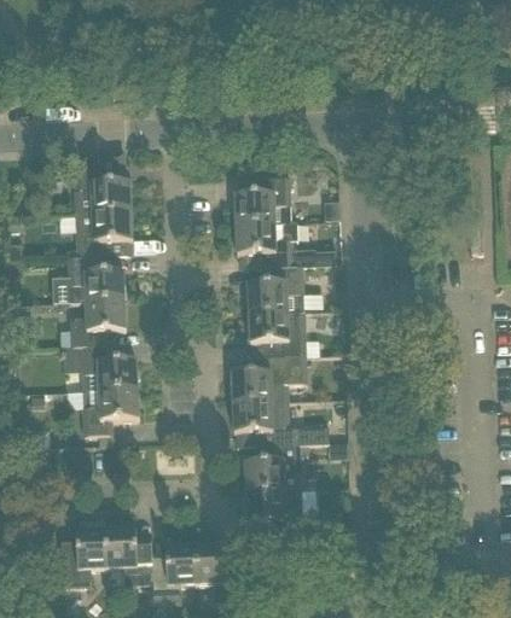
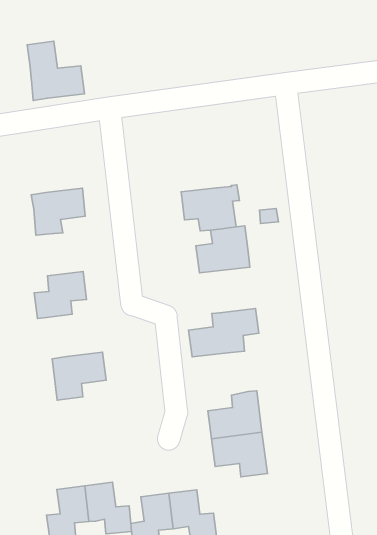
building: [74,150,130,211] -> [27,41,84,101]
building: [234,175,290,222] -> none
building: [66,255,123,299] -> none
building: [248,309,304,355] -> none
building: [80,343,137,389] -> none
building: [232,398,329,444] -> none

